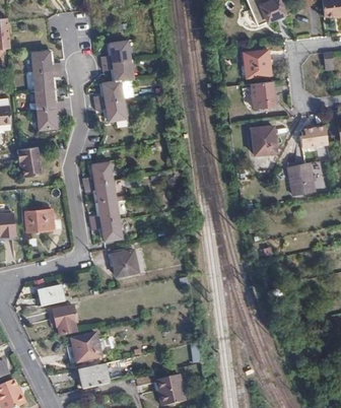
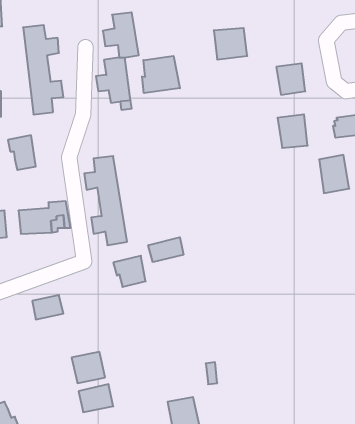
building: [243,51,272,78] -> [214,28,247,59]
building: none -> [142,56,180,93]
building: none -> [148,237,183,262]
building: [54,305,78,335] -> none

